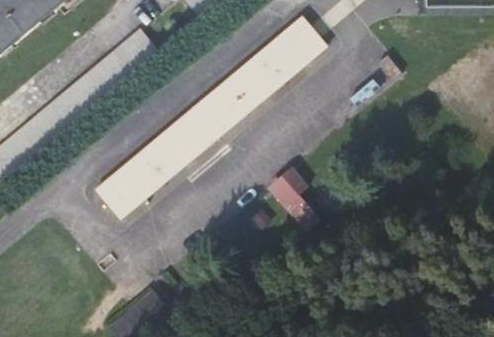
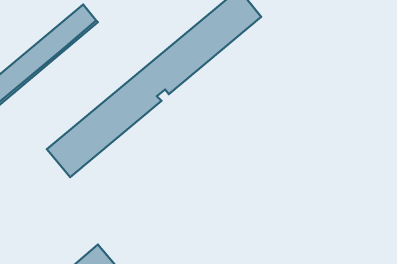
building: [271,169,319,229] -> none

